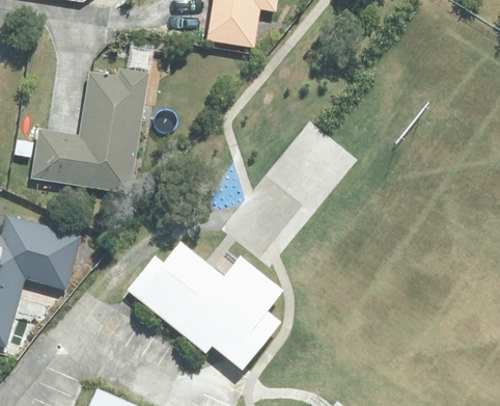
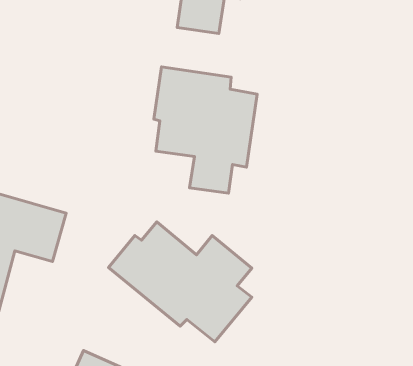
building: [31,71,156,192] -> none
building: none -> [154,67,257,193]

